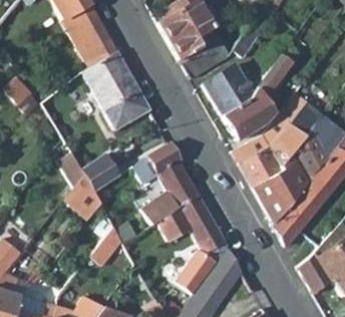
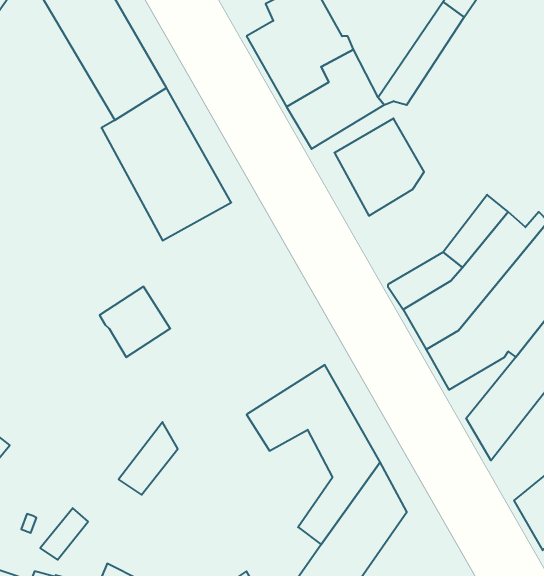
building: [224,54,290,139] -> none
building: [133,142,201,229] -> none
building: [64,174,103,221] -> none

